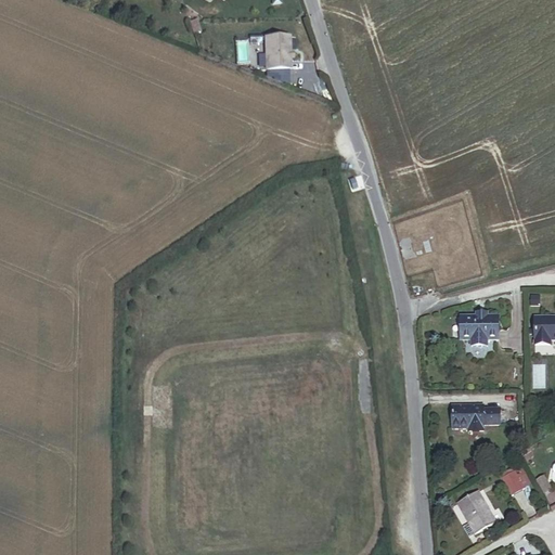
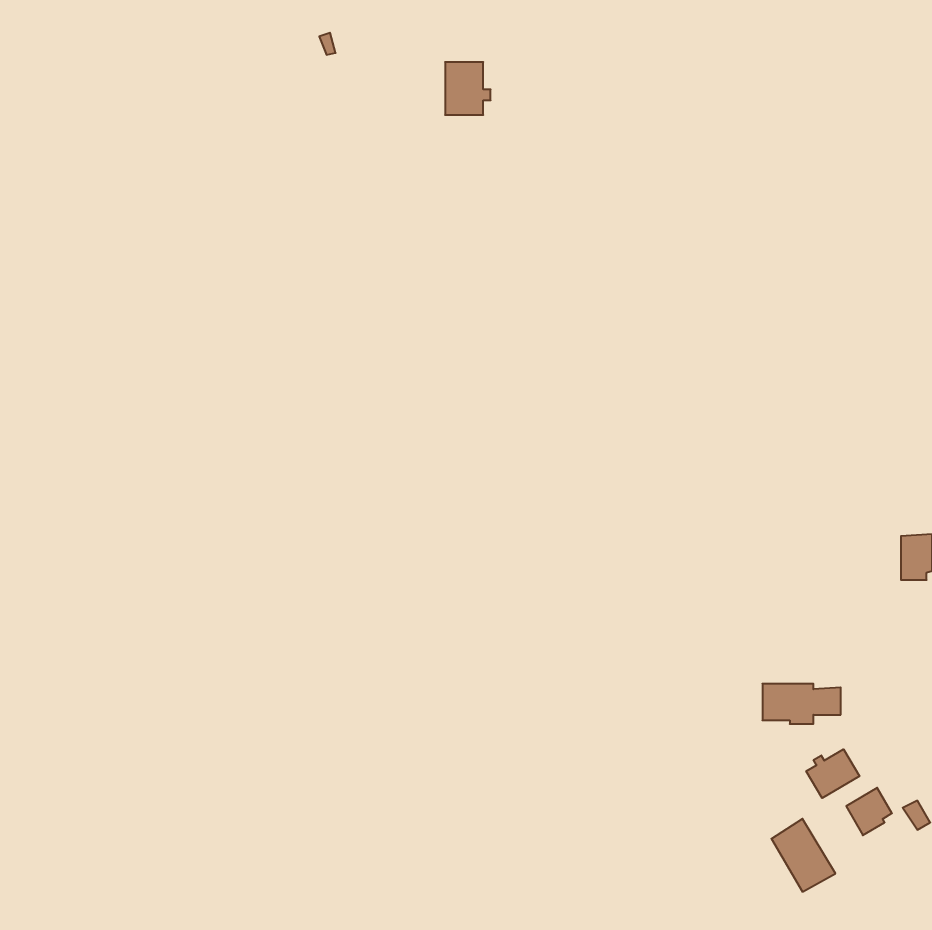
building: [459,317,499,344] -> none
building: none -> [806,749,859,798]

